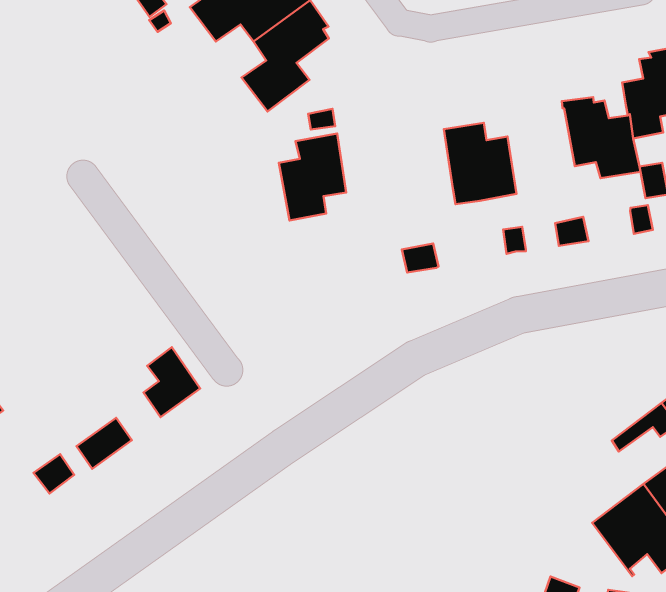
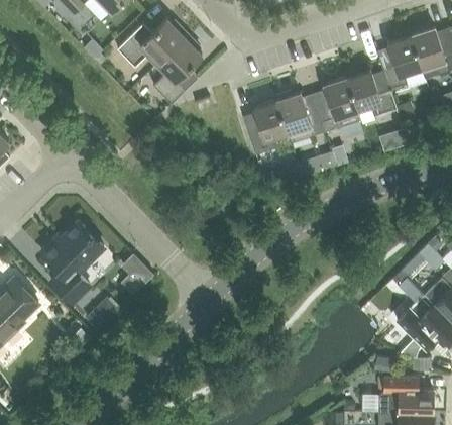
building: none -> [316,78,358,132]
building: [279,133,346,220] -> [245,100,288,155]
building: none -> [41,222,104,303]

